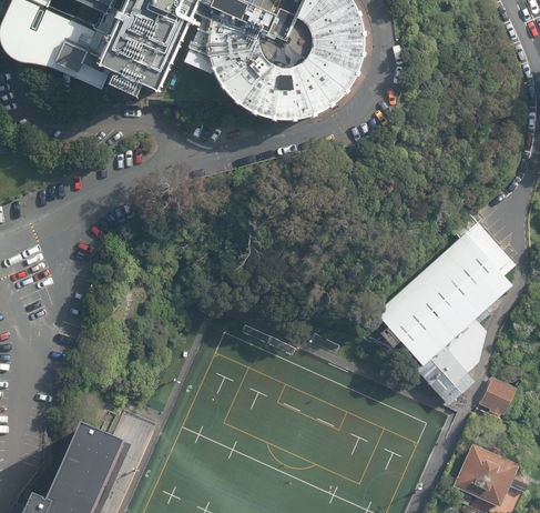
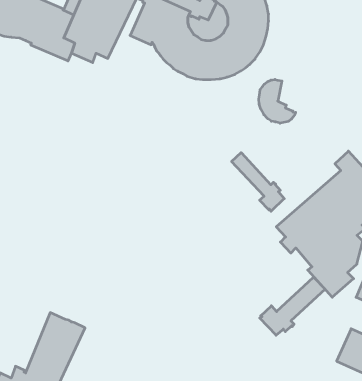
building: none -> [259,79,296,123]
building: none -> [232,153,284,211]
building: none -> [260,277,325,335]

